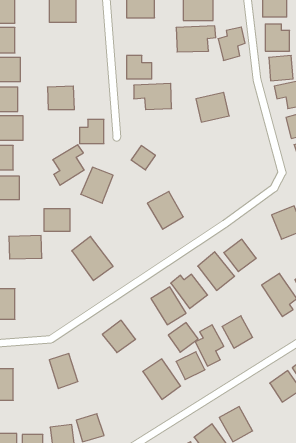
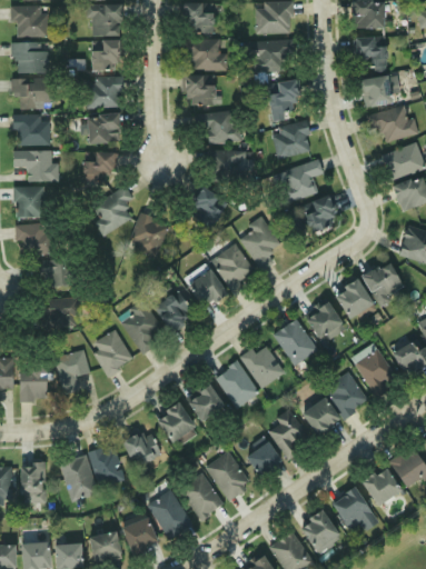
building: none -> [180,38,227,69]
building: none -> [90,40,121,69]
building: [218,27,245,60] -> [267,80,300,121]
building: none -> [86,77,122,108]
building: none -> [210,149,245,180]
building: [80,119,104,144] -> [83,151,113,181]
building: none -> [280,159,323,202]
building: none -> [300,196,337,232]
building: none -> [239,216,279,270]
building: [44,209,70,231] -> [39,259,71,287]
building: none -> [188,269,227,308]
building: none -> [335,279,371,317]
building: none -> [152,289,195,332]
building: none -> [93,333,128,371]
building: none -> [53,349,89,392]
building: none -> [323,371,368,418]
building: [168,323,198,352] -> [187,385,224,421]
building: none -> [123,430,158,466]
building: none -> [59,453,97,500]
building: none -> [178,471,222,519]
building: none -> [331,487,377,529]
building: none -> [147,489,192,539]

